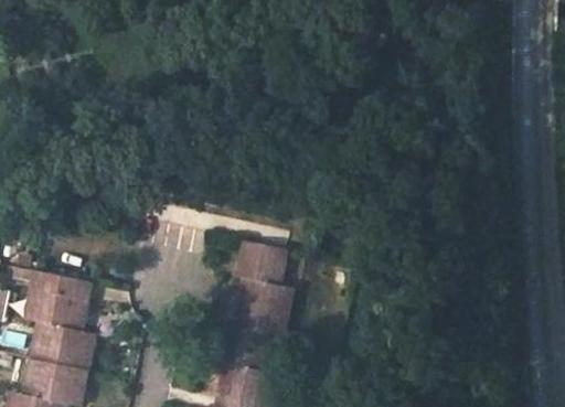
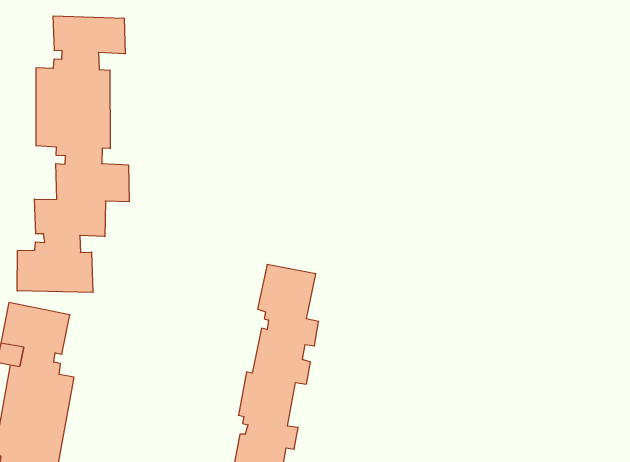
building: none -> [17,16,129,293]

